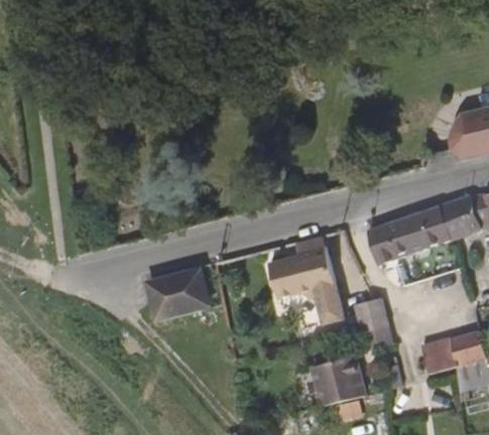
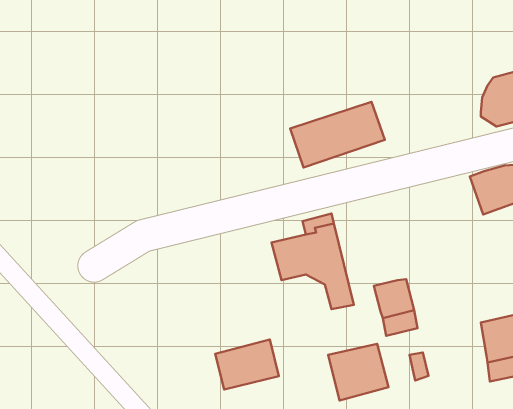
building: [368,204,454,264] -> [290,102,385,168]
building: [151,270,209,315] -> [215,339,279,389]
building: [422,336,457,373] -> none

